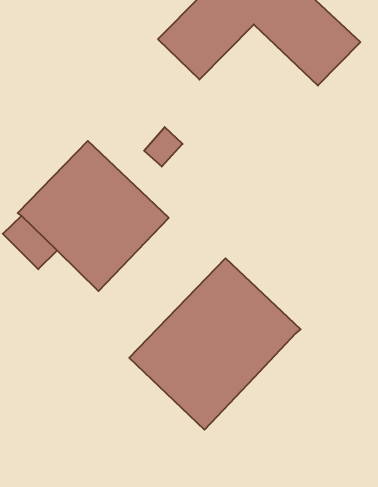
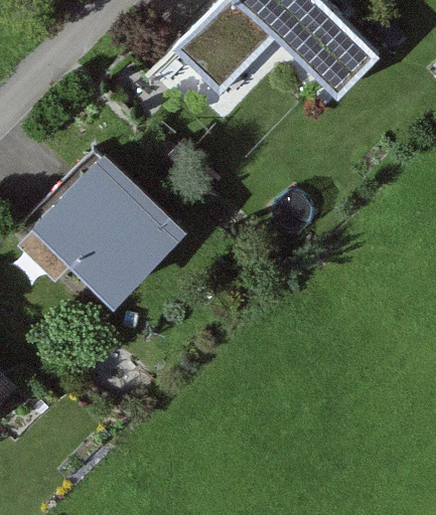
building: [129,258,301,430] -> none

